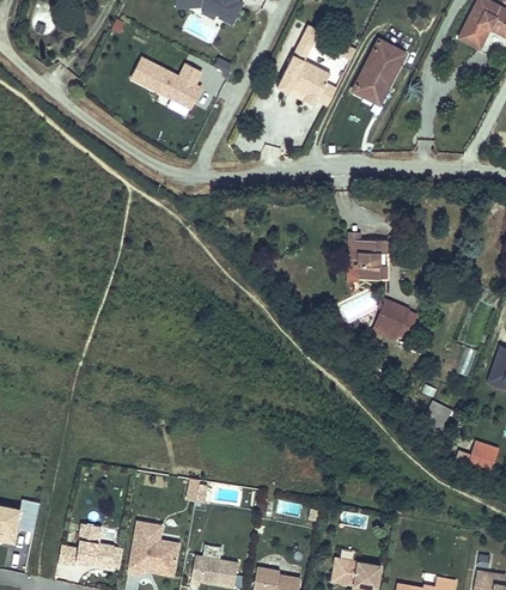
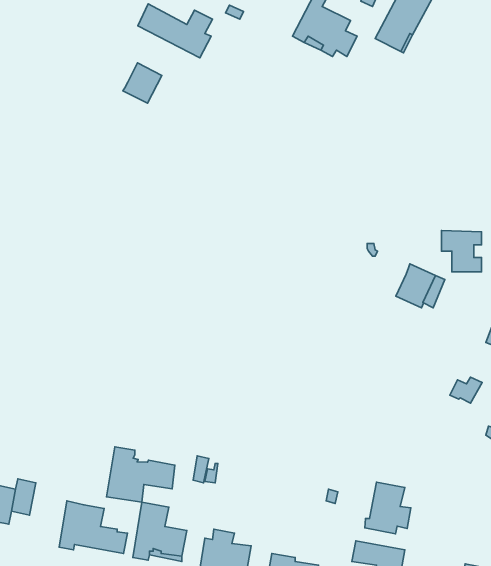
building: none -> [123,63,162,103]
building: [349,239,386,278] -> [442,231,482,272]
building: none -> [107,447,175,502]
building: none -> [365,482,411,534]

